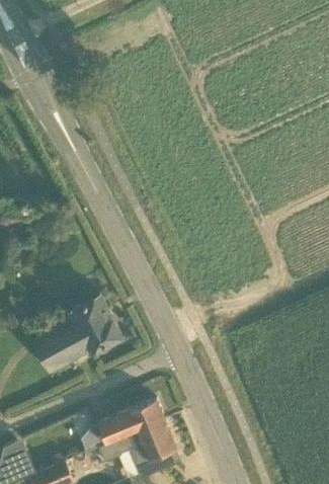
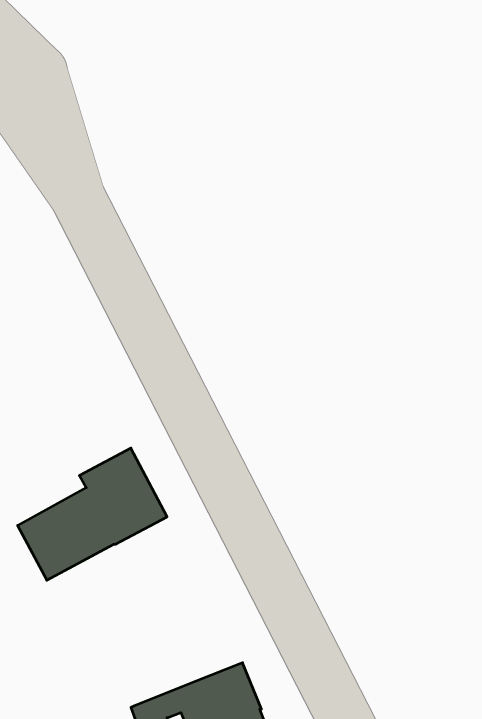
building: [97,399,164,446] -> none

